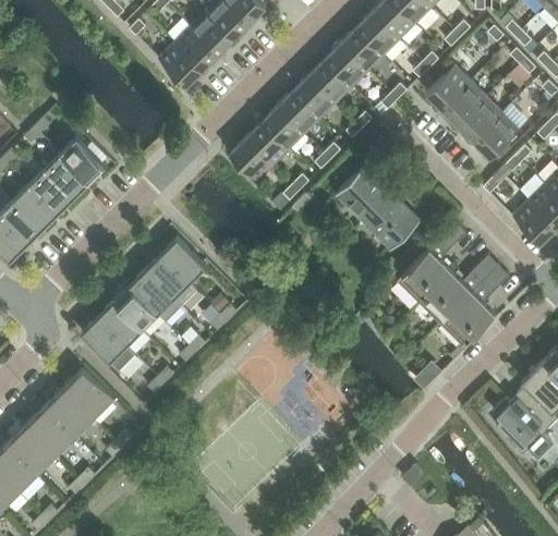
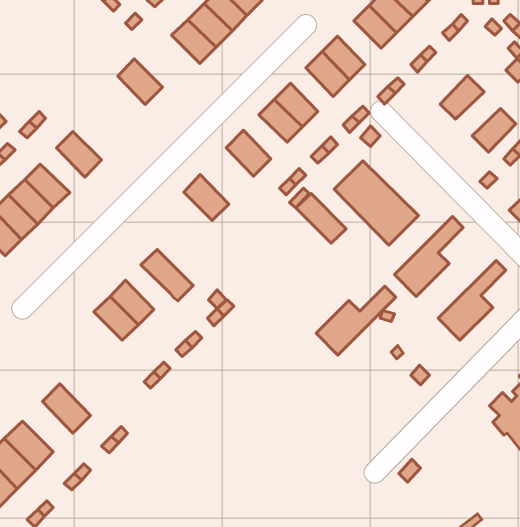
building: [341,27,385,71] -> none
building: [159,41,204,87] -> [118,59,163,105]
building: [427,65,471,110] -> none
building: [294,74,337,118] -> none
building: [459,98,504,142] -> none
building: [247,121,291,165] -> none
building: [45,154,89,198] -> none
building: none -> [296,194,346,243]
building: [161,237,206,283] -> [184,175,229,221]
building: [420,255,499,324] -> [316,286,396,355]
building: [130,270,182,322] -> none
building: [82,317,136,371] -> none
building: [64,369,114,421] -> none
building: [27,406,77,456] -> none

